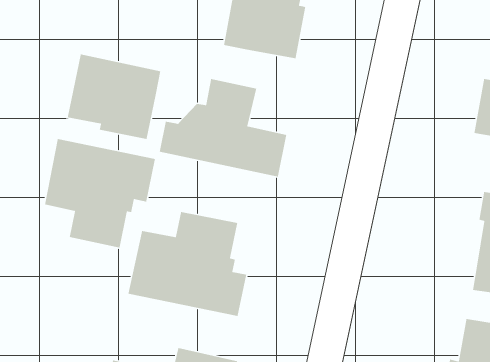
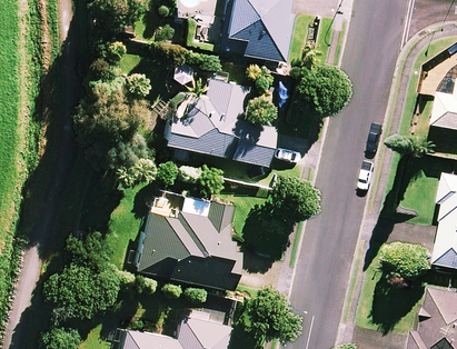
building: [67,54,161,140] -> none
building: [44,138,156,248] -> none

